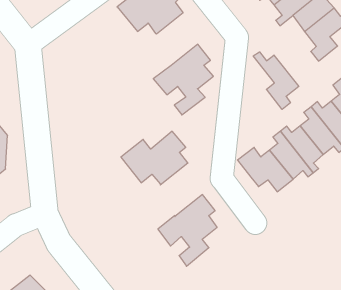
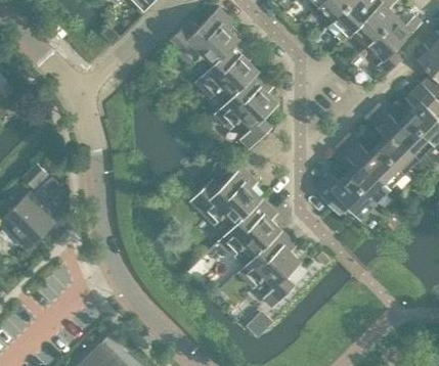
building: none -> [192,40,255,97]
building: [253,52,299,109] -> none
building: none -> [216,198,278,257]

